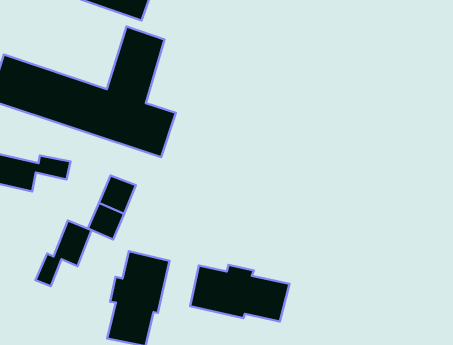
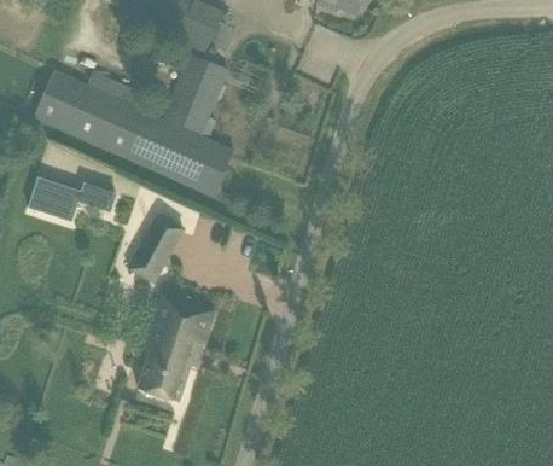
building: [36,220,92,286] -> none
building: [190,265,289,321] -> none

